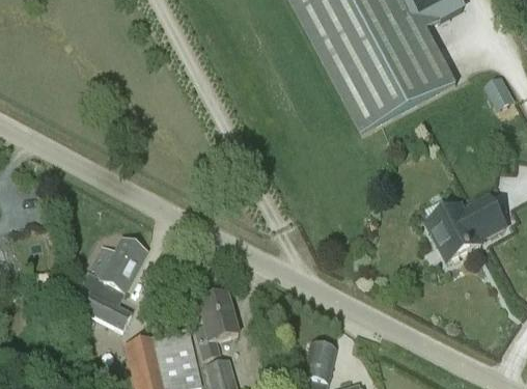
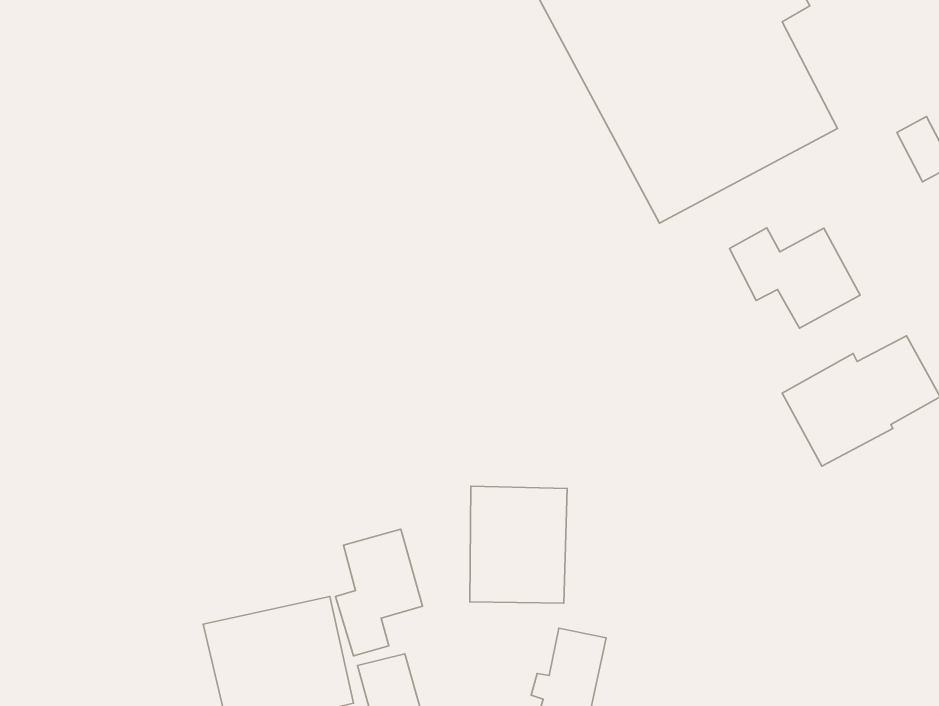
building: none -> [729,228,860,328]
building: [82,235,147,329] -> none
building: none -> [470,486,567,603]

